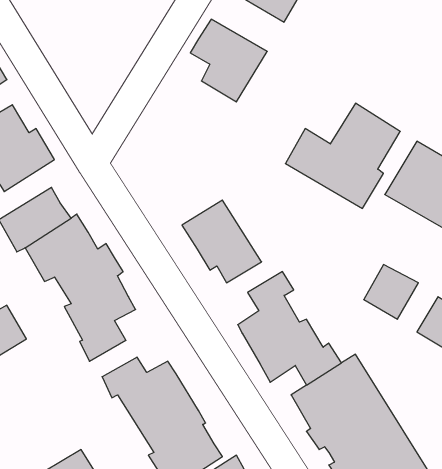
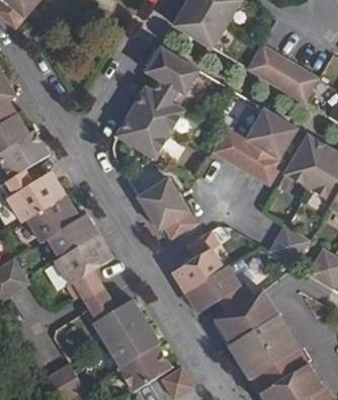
building: none -> [246,45,318,104]
building: none -> [116,88,183,160]

